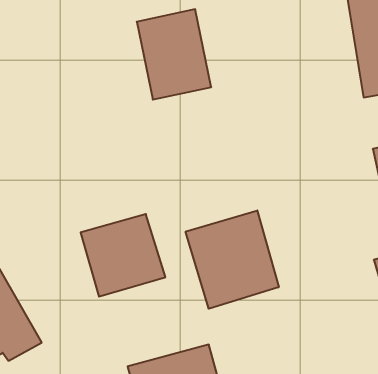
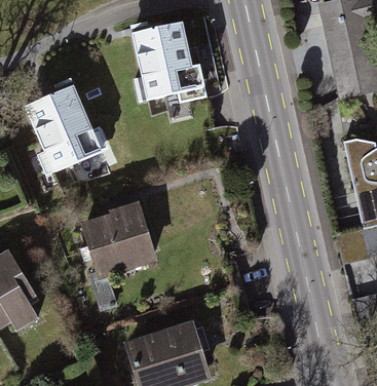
building: none -> [23,85,103,173]
building: [186,210,279,309] -> none

